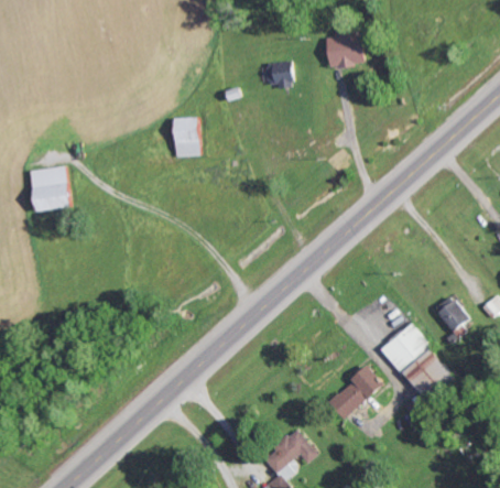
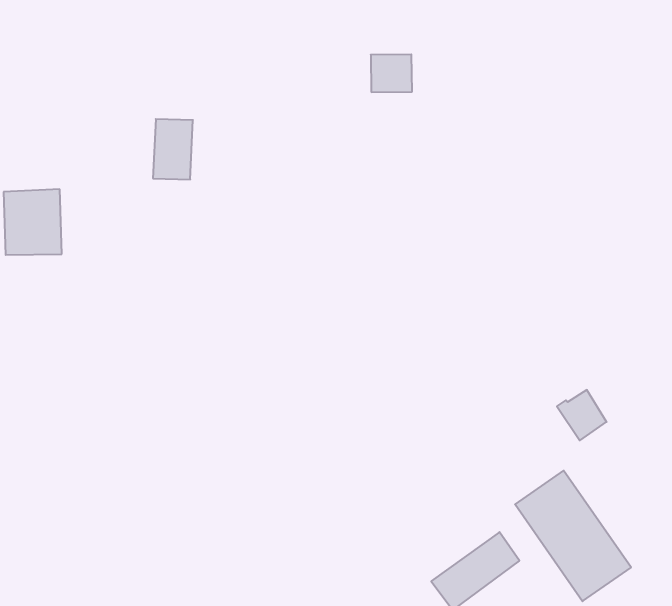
building: [327,29,362,66] -> none
building: [173,117,198,156] -> [153,119,193,179]
building: [435,300,468,333] -> [557,390,607,440]

